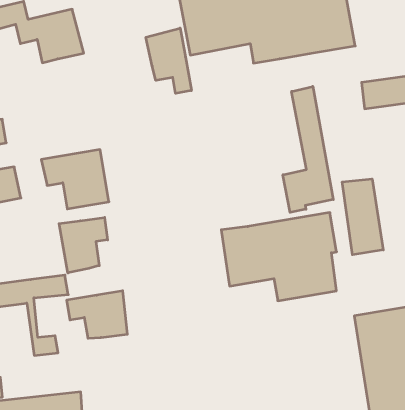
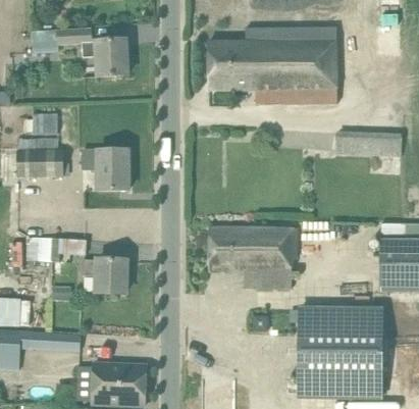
building: [146,28,191,93] -> none
building: [283,86,333,212] -> none
building: [342,179,383,255] -> none
building: [59,217,108,273] -> none

